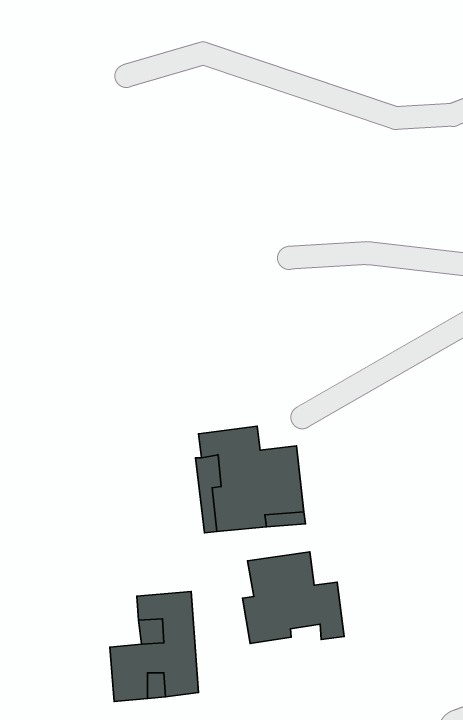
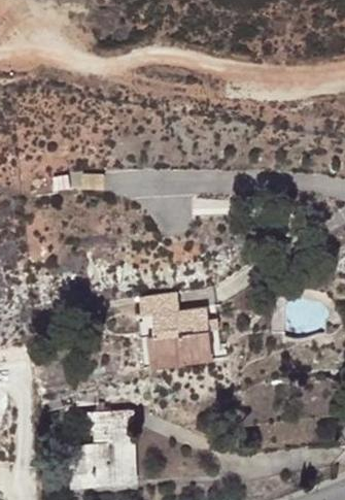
building: [243,552,344,644] -> none

